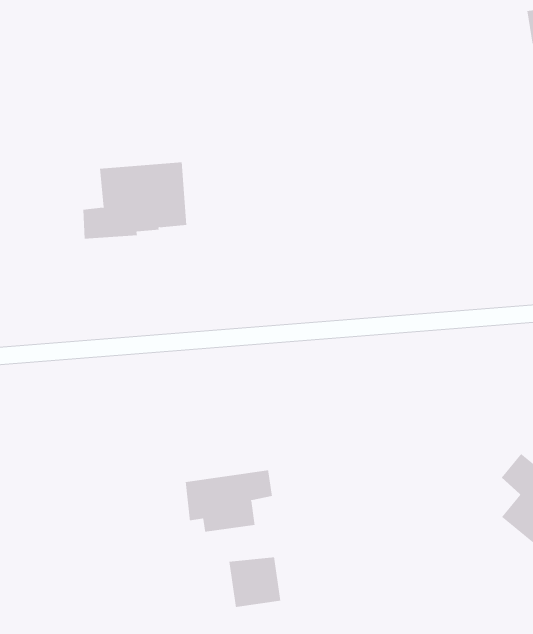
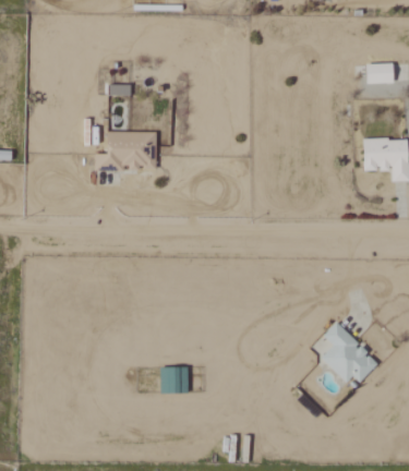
building: [185,470,272,533] -> none

